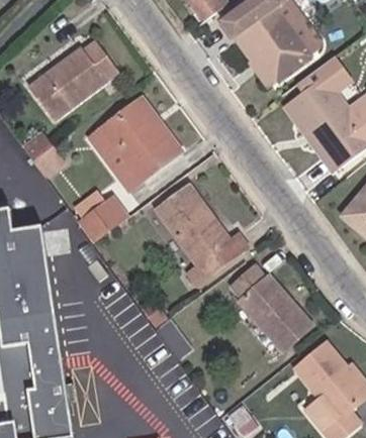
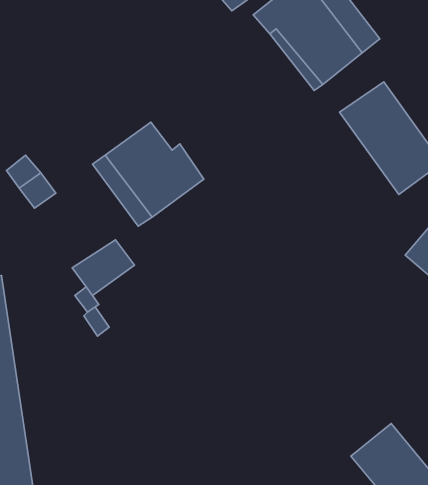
building: [34,42,122,120] -> none
building: [162,187,253,269] -> none
building: [242,270,321,353] -> none

